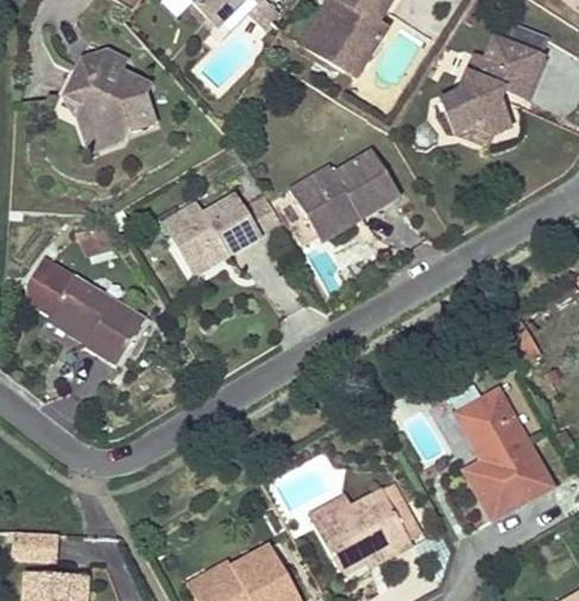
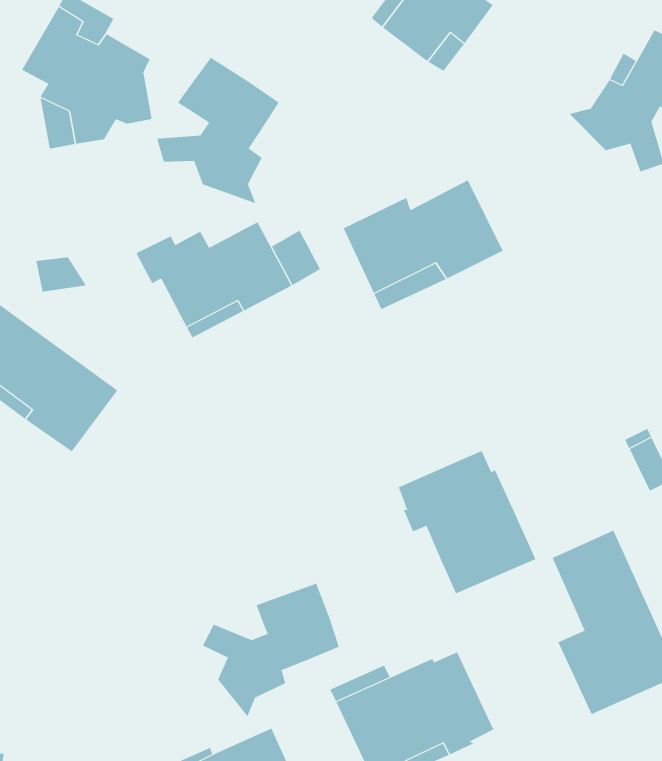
building: none -> [156,57,279,204]
building: none -> [398,450,536,594]
building: none -> [202,583,340,717]

